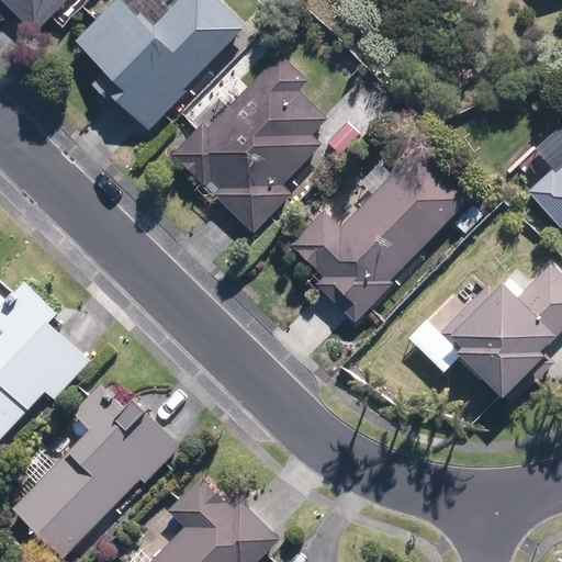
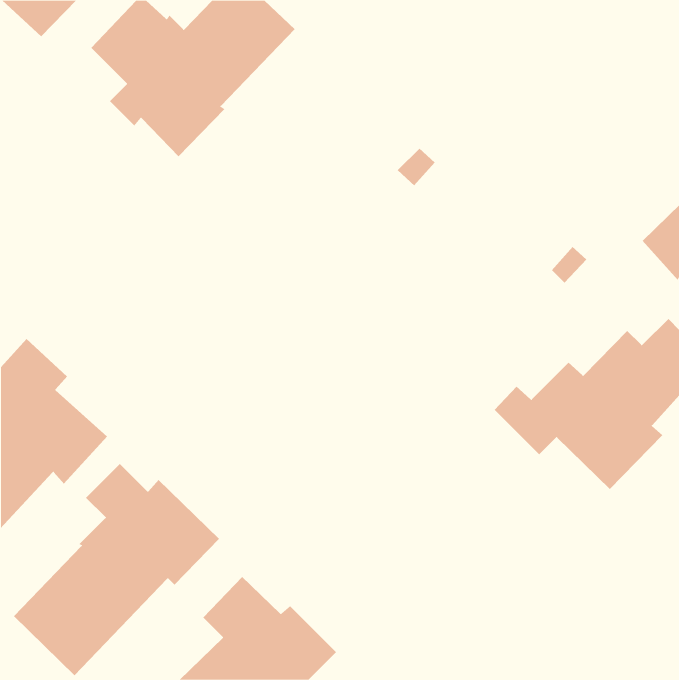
building: [171,53,327,233] -> none
building: [290,147,470,322] -> none

